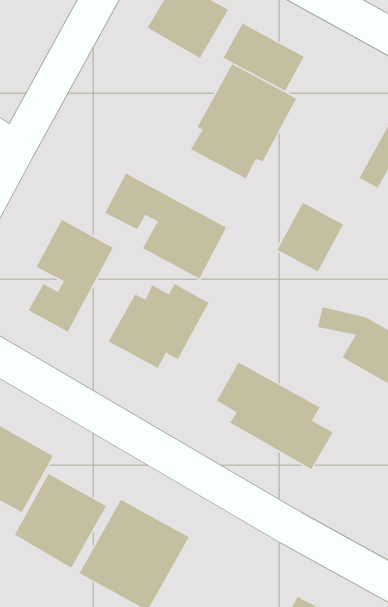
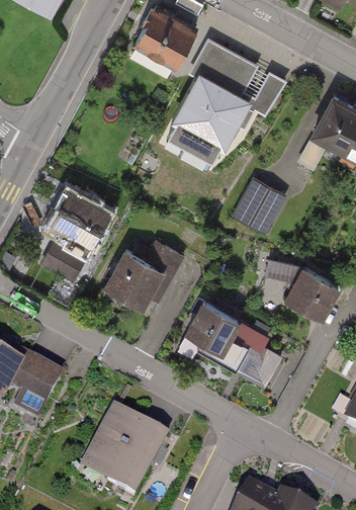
building: none -> [236,72,283,129]
building: [104,173,227,279] -> none
building: [14,473,107,569] -> none

